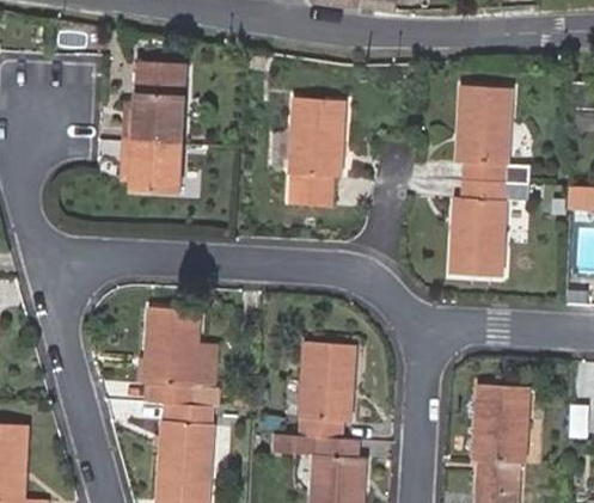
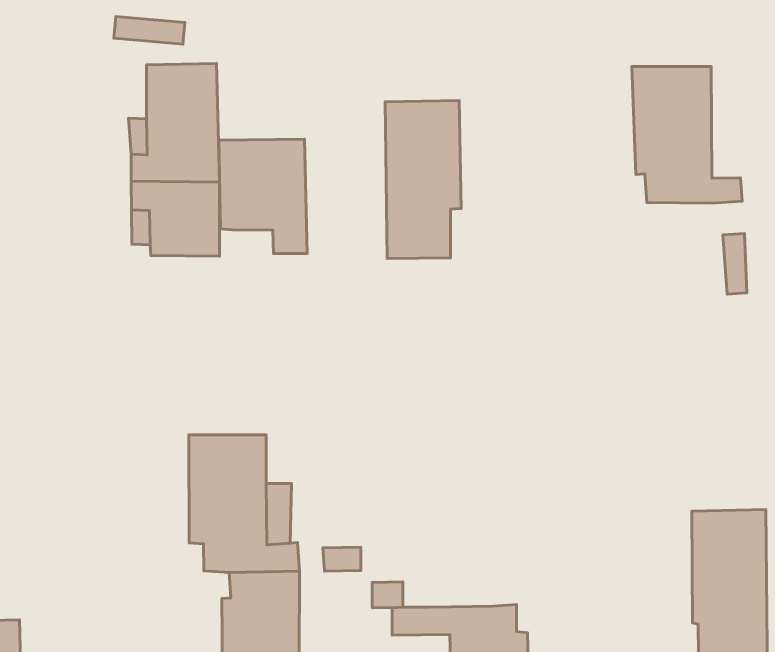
building: none -> [219,139,307,254]
building: [451,178,526,276] -> none
building: [299,344,354,438] -> none

